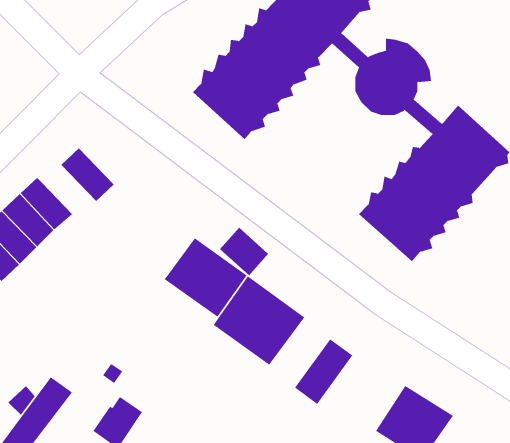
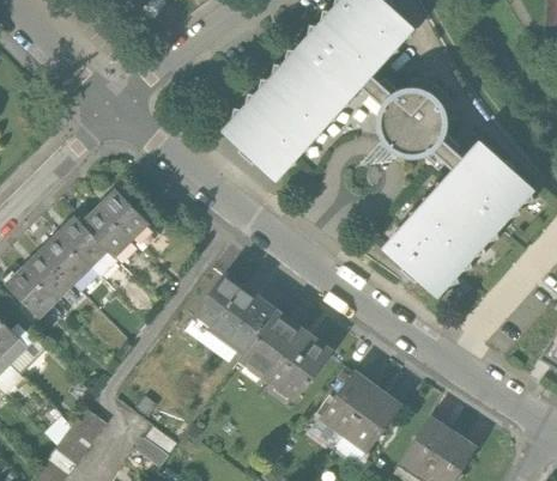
building: none -> [77,202,129,256]
building: [219,227,269,276] -> none
building: none -> [345,388,402,451]

